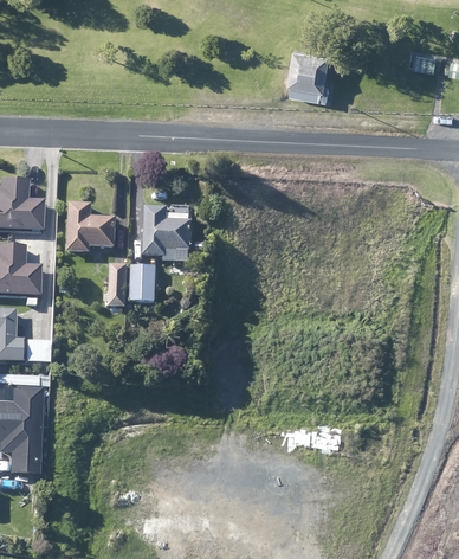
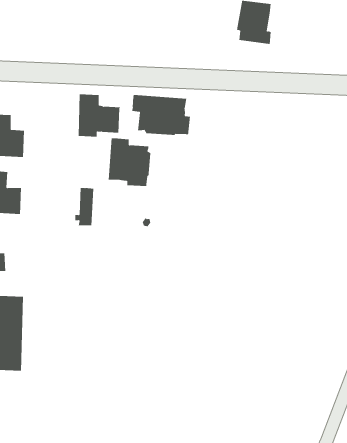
building: none -> [132,94,190,136]
building: [64,203,114,252] -> [78,94,121,137]
building: [124,264,153,308] -> none

